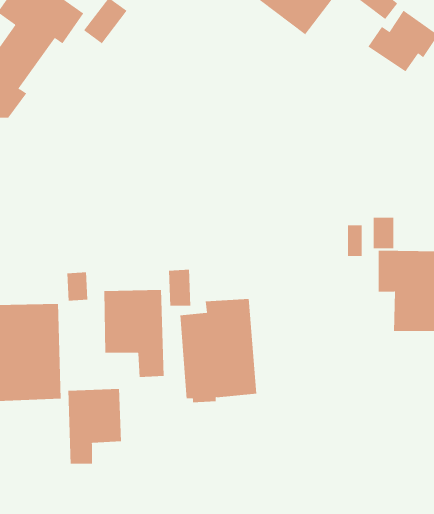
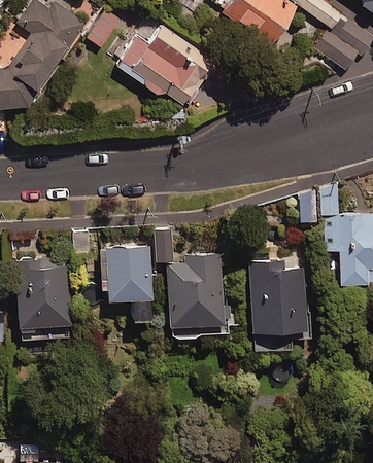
building: none -> [118,24,215,104]
building: none -> [249,260,310,348]
building: [68,388,122,465] -> none

